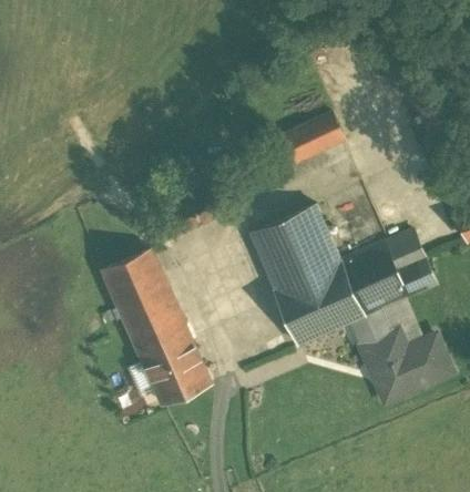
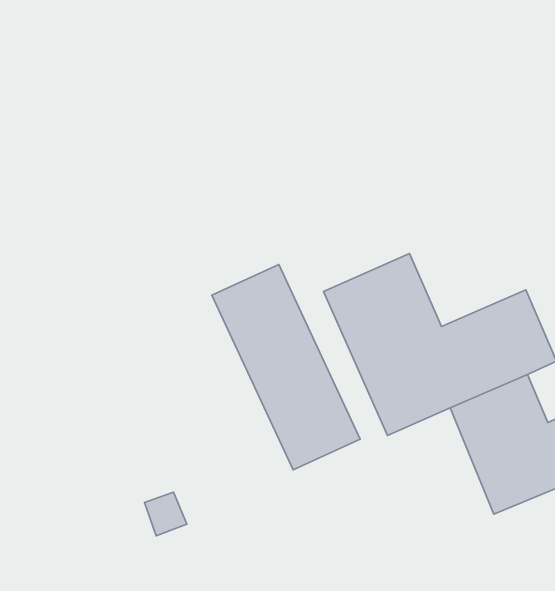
building: [283,110,346,163] -> none
building: [101,253,214,409] -> [212,264,360,470]

